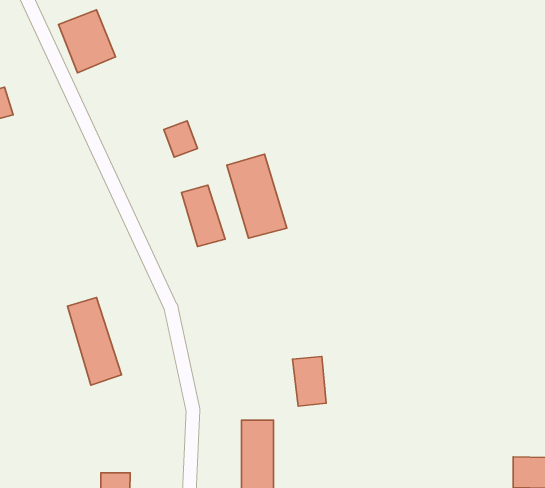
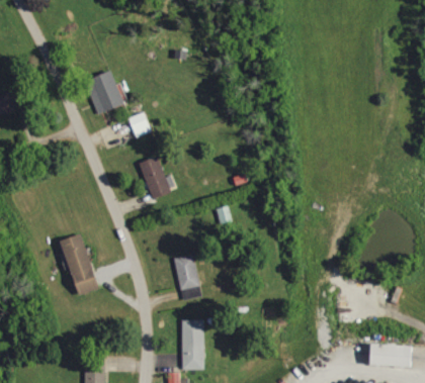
building: [58,10,115,73] -> [85,71,124,114]
building: [227,154,287,238] -> none
building: [292,356,326,406] -> [174,255,197,289]

